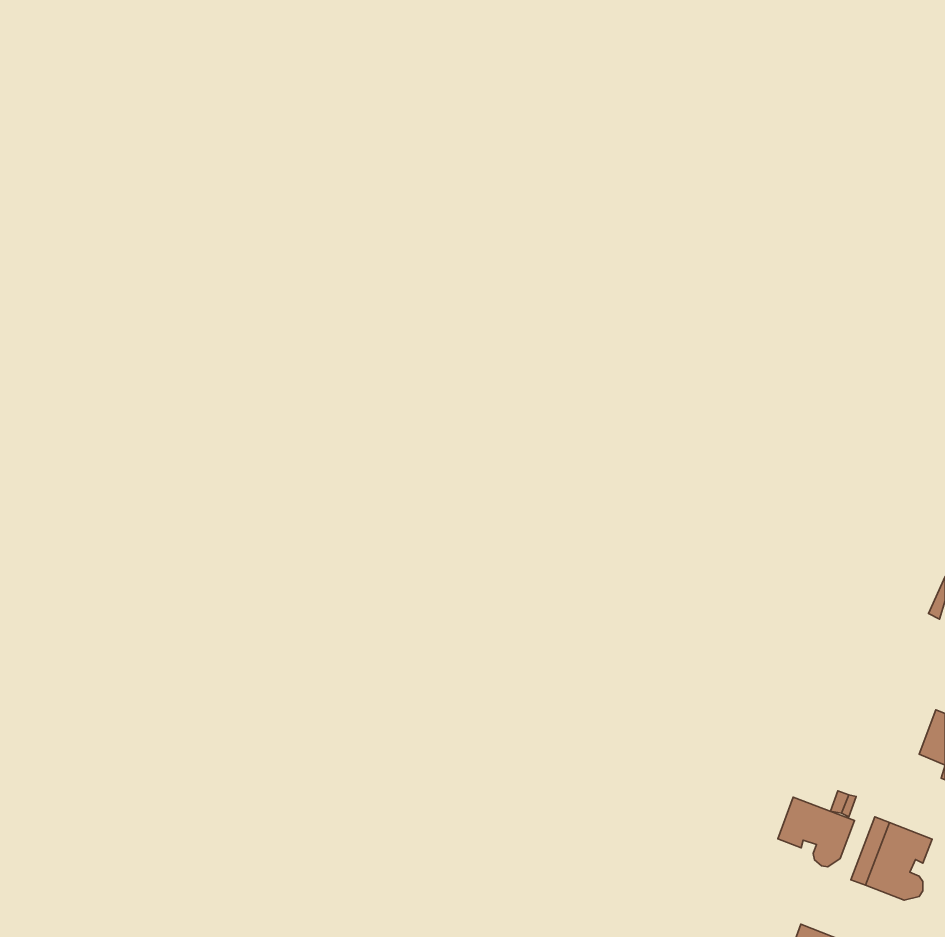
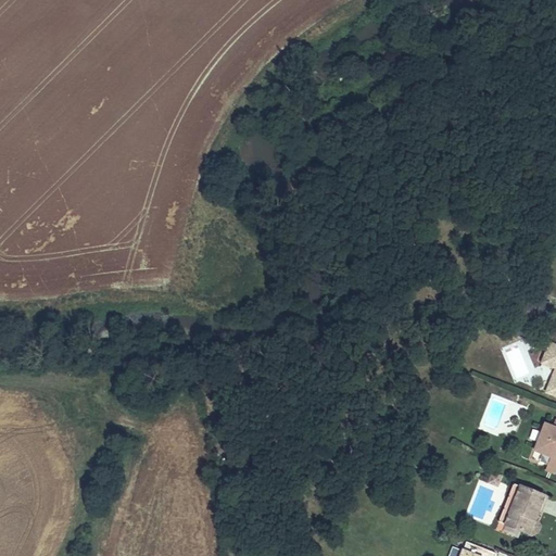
building: [778,797,855,867] -> none

